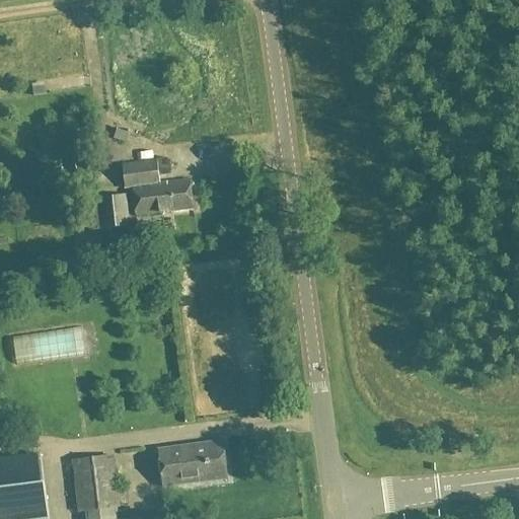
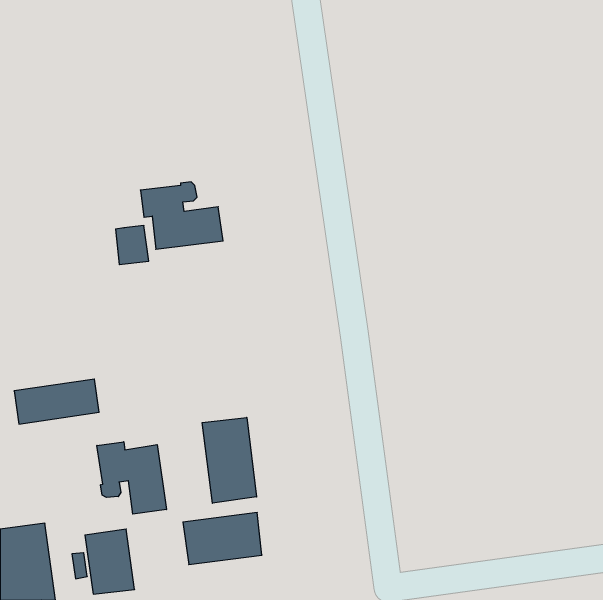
building: none -> [202,417,257,503]
building: none -> [97,442,166,514]

